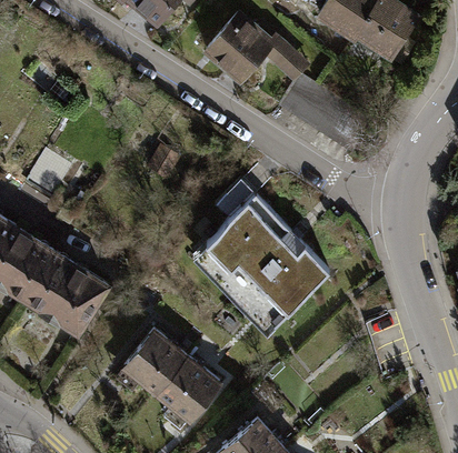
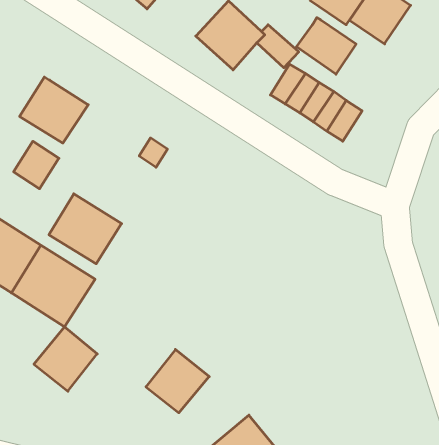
building: none -> [296,18,356,74]
building: none -> [20,77,88,143]
building: [206,197,329,323] -> none
building: none -> [49,194,122,264]
building: [123,329,186,392] -> [34,327,97,391]

